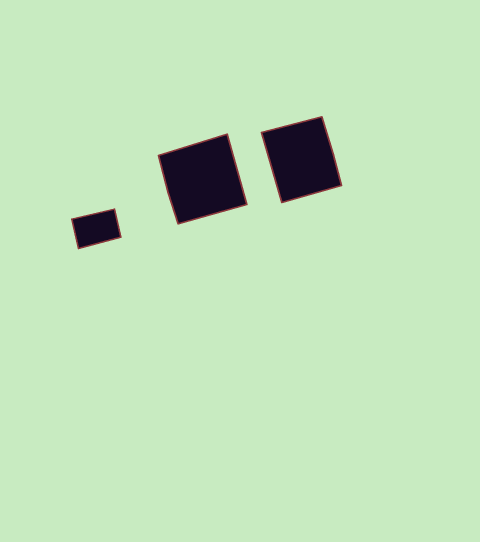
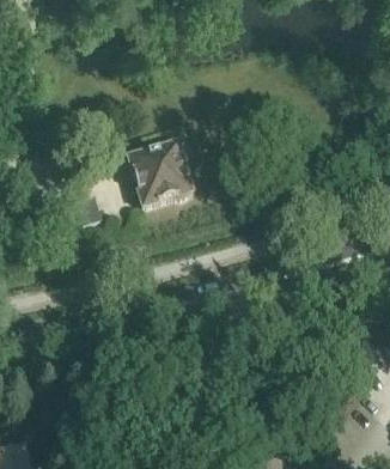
building: [262,117,341,202] -> none

